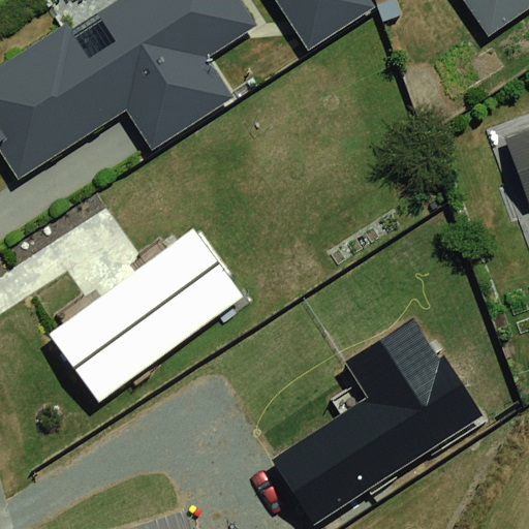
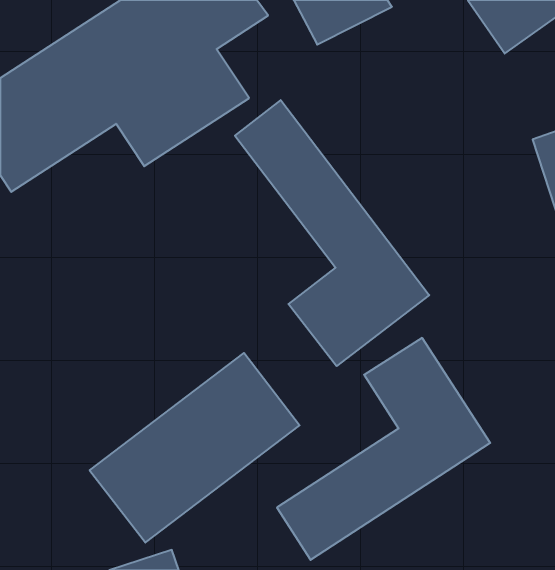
building: none -> [235,100,429,366]
building: [40,221,235,397] -> [90,353,300,543]

